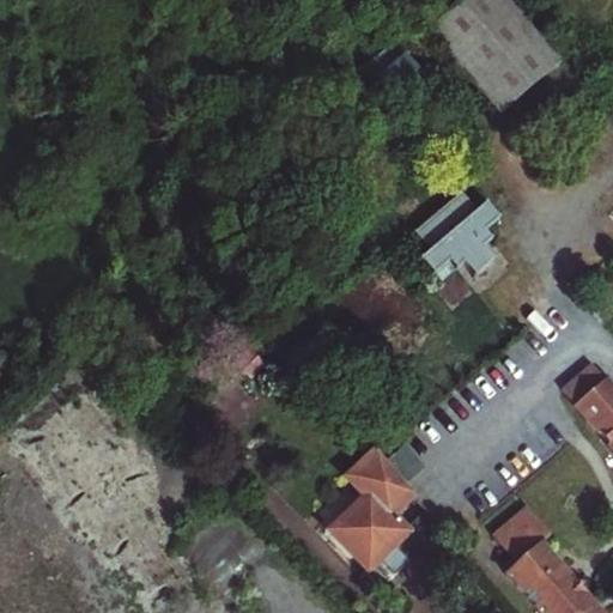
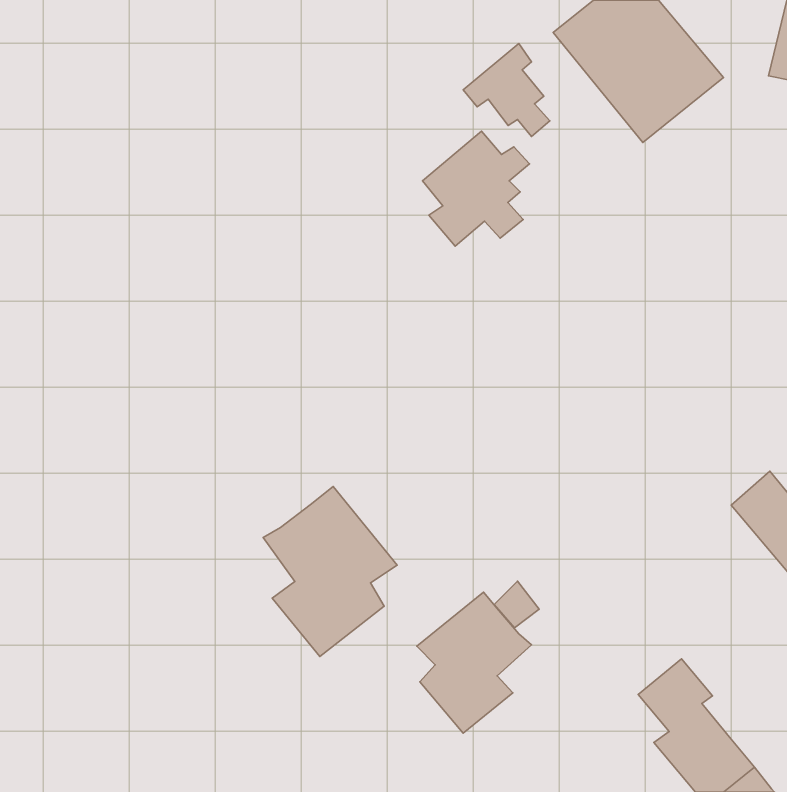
building: [420,190,503,279] -> [423,131,529,246]
building: none -> [263,486,397,656]

